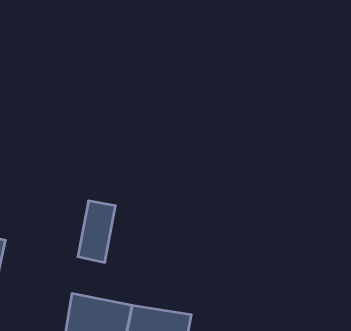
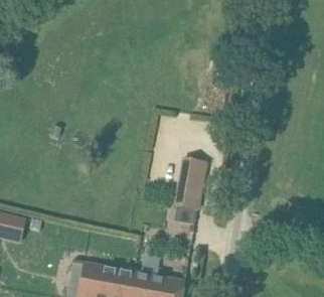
building: [78,201,116,262] -> [174,157,206,209]

